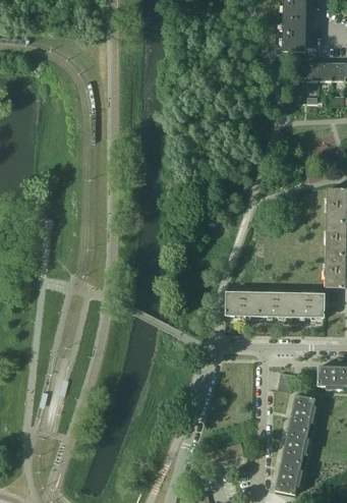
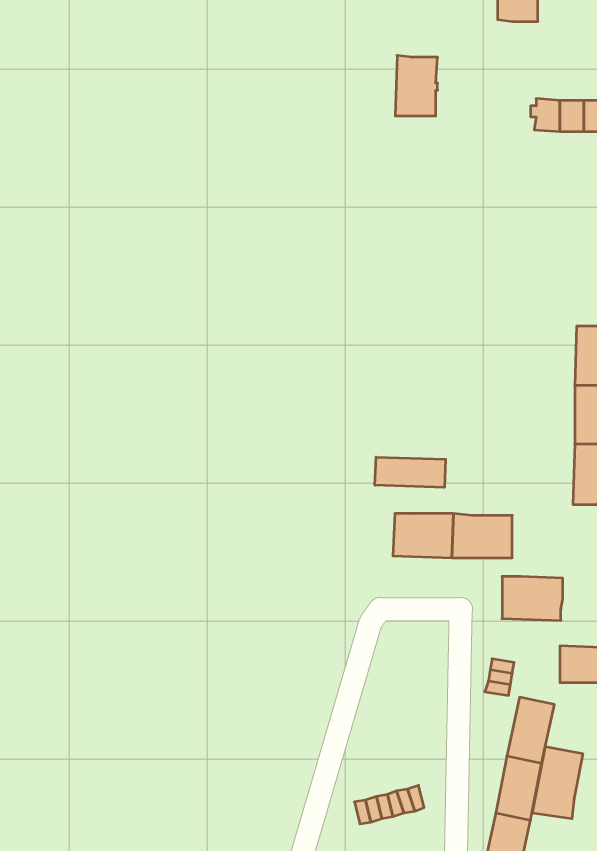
building: [284,17,307,51] -> [395,55,438,116]
building: none -> [375,457,446,487]
building: [293,292,327,317] -> [502,576,563,620]
building: none -> [532,746,583,819]

